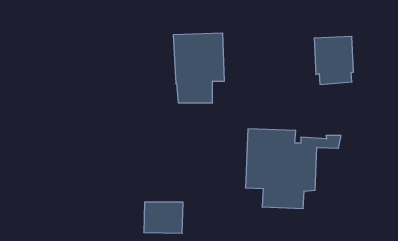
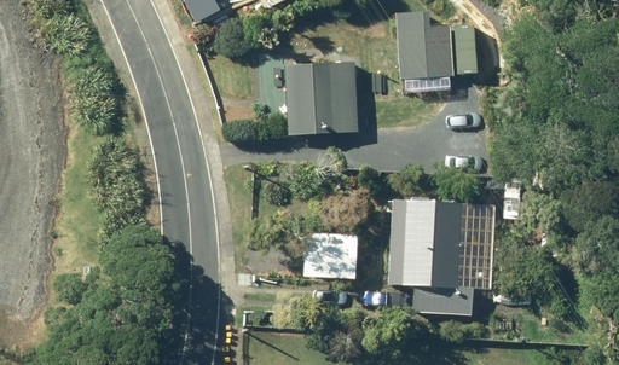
building: [314,37,354,84] -> [399,23,456,92]
building: [144,202,183,233] -> [300,233,357,278]

